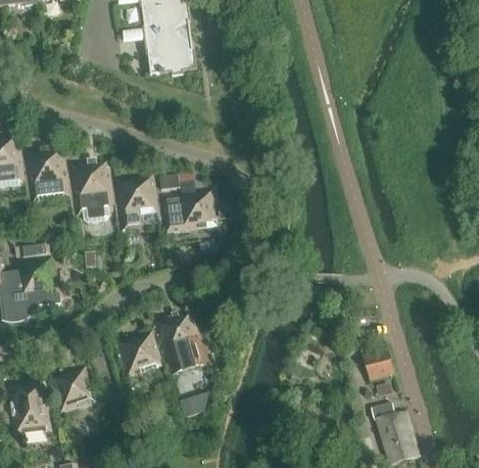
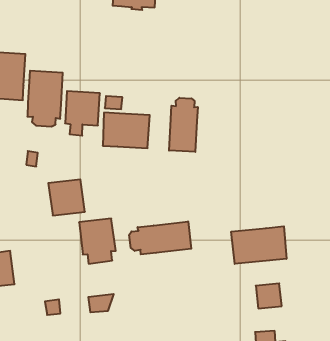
building: none -> [169,98,198,152]
building: none -> [231,226,286,264]
building: none -> [129,221,191,254]
building: [116,330,162,375] -> [48,179,85,215]

